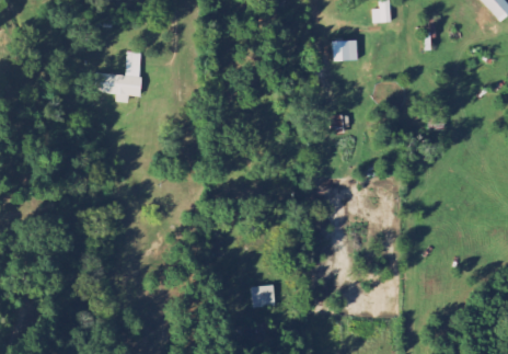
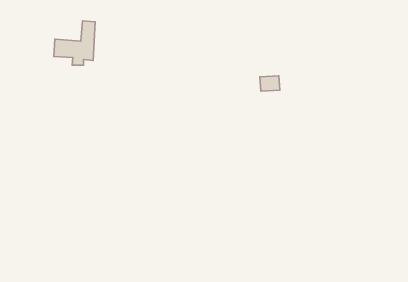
building: [331,38,356,59] -> none
building: [250,284,275,307] -> none

